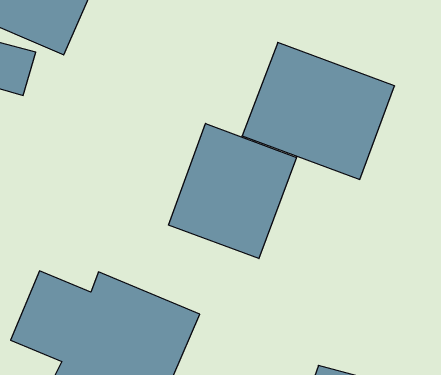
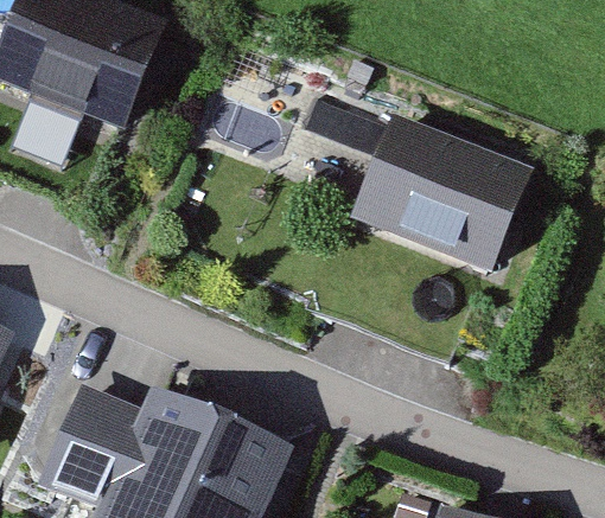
building: [169,123,296,259] -> none

